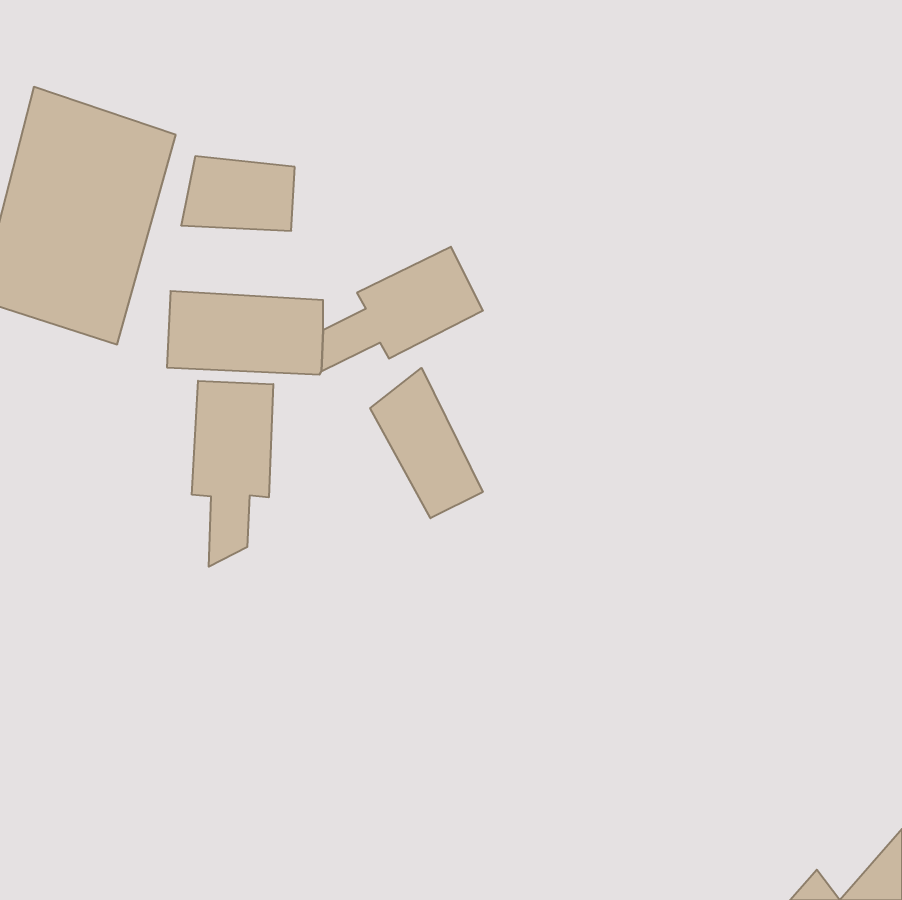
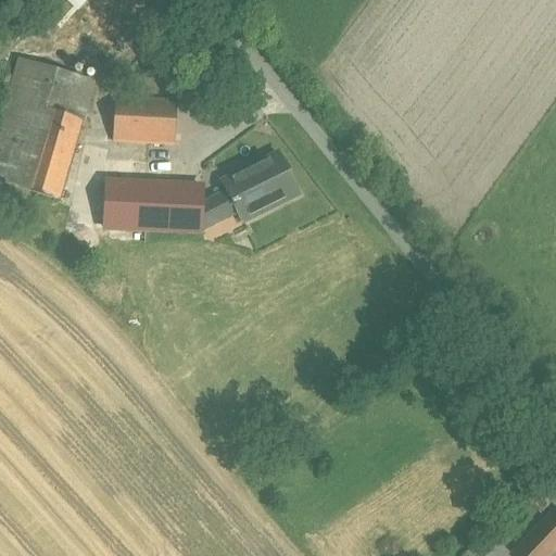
building: [370,368,483,518] -> none
building: [192,381,273,567] -> none

